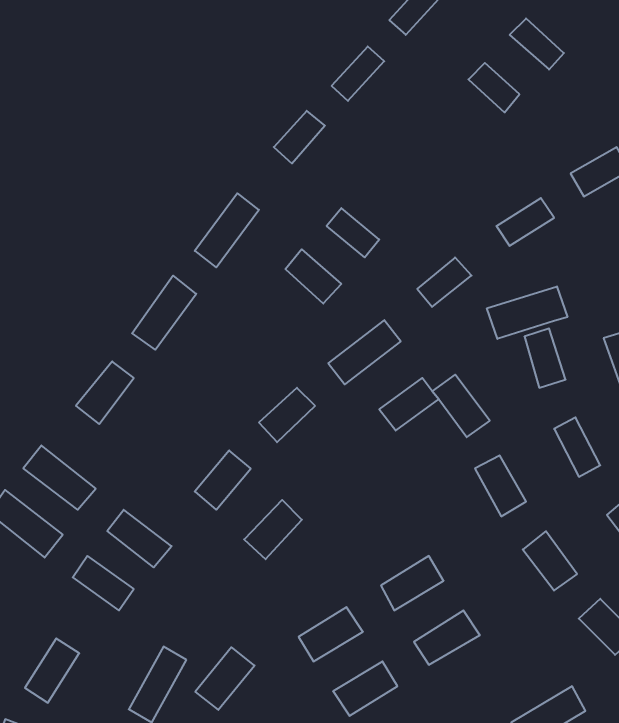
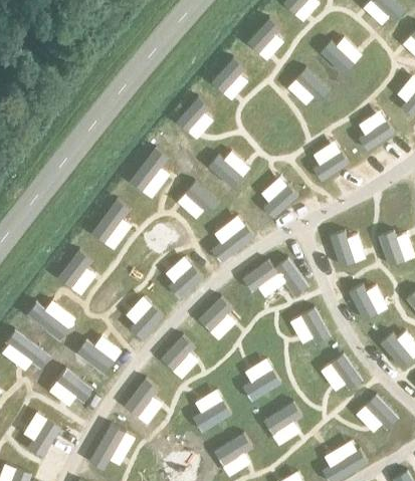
building: [487,286,567,339] -> none
building: none -> [198,296,233,331]
building: [195,647,255,710] -> [124,379,160,417]

